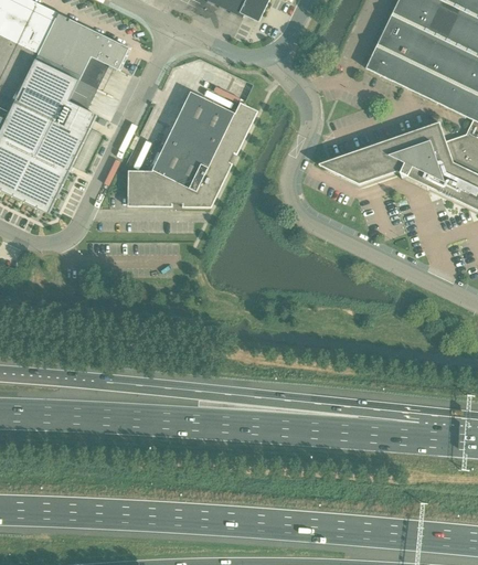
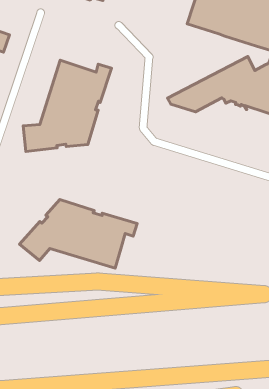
building: none -> [19,200,137,268]

